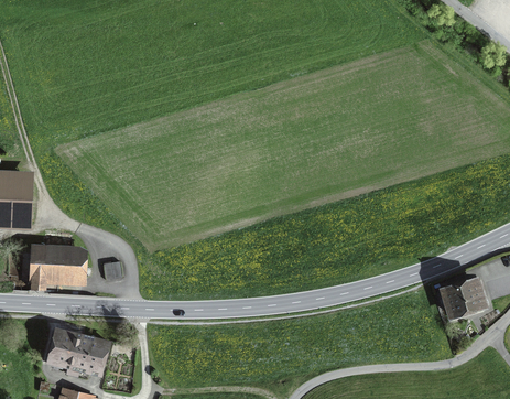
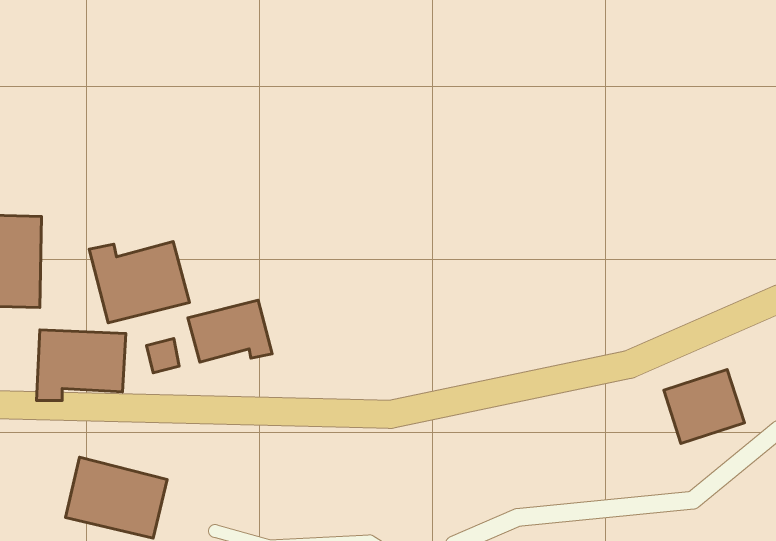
building: none -> [89,242,189,323]
building: none -> [188,300,272,362]

